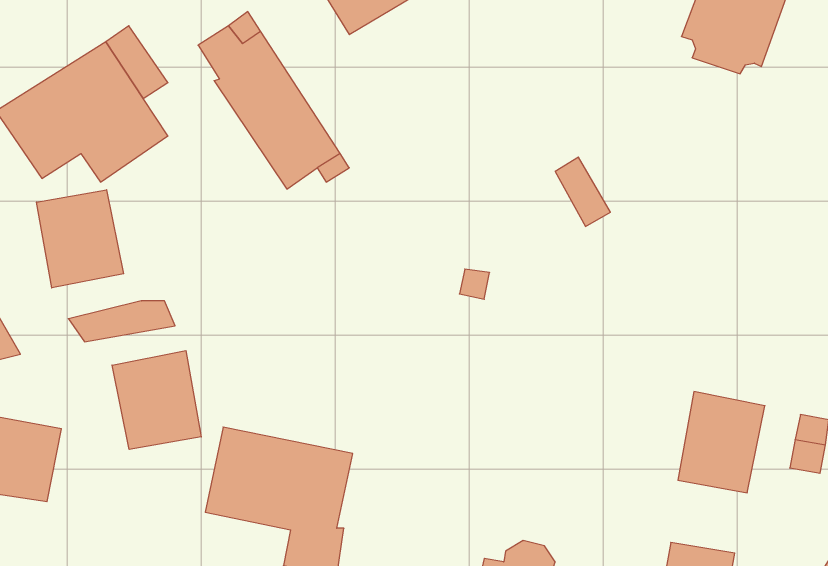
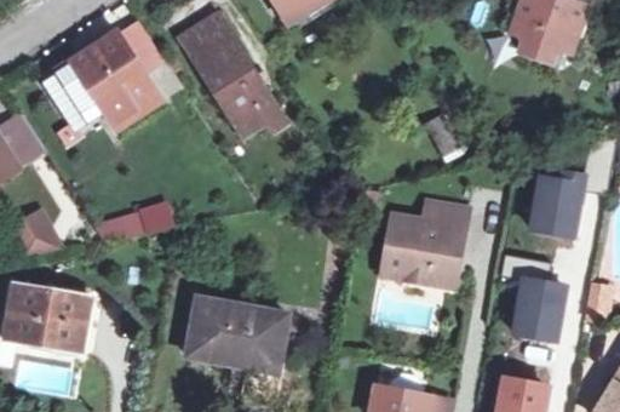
building: [37,190,124,288] -> none
building: none -> [529,168,589,238]
building: none -> [385,202,467,288]
building: [112,351,201,449] -> none

